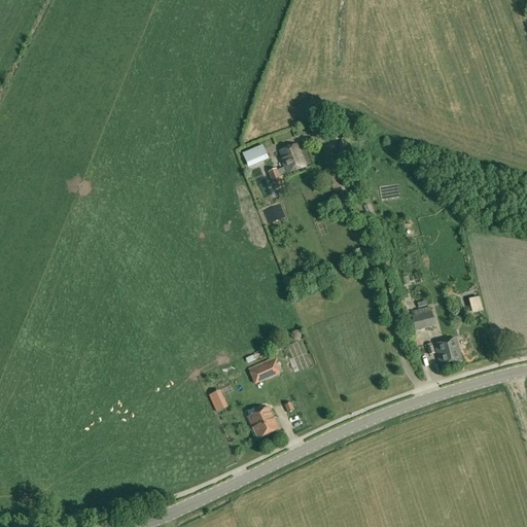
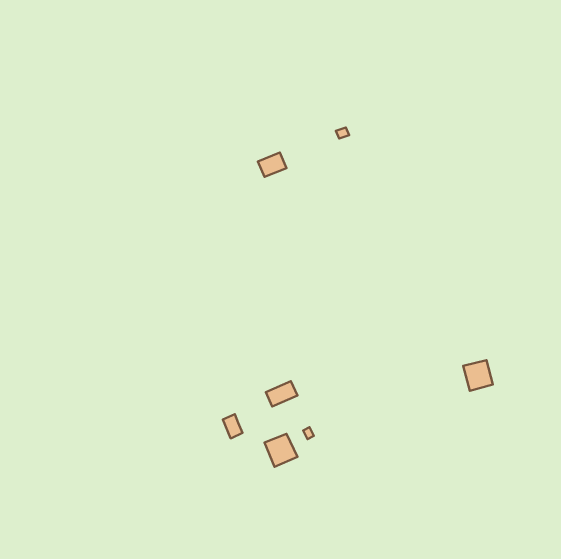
building: [268,142,306,188] -> none
building: [410,306,435,328] -> none

